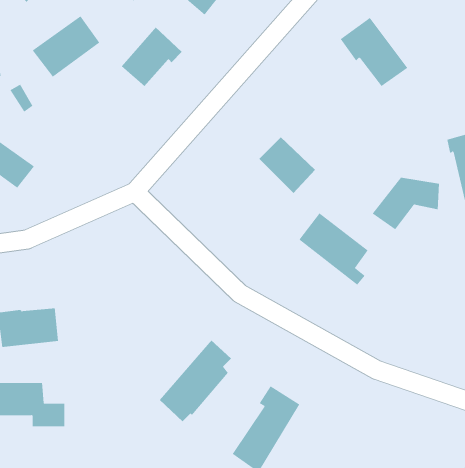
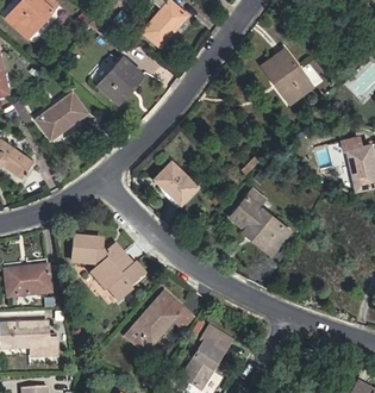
building: [32,15,100,77] -> [36,93,87,139]
building: [259,137,316,194] -> [155,161,198,204]
building: [372,177,439,230] -> none
building: none -> [73,236,142,302]

